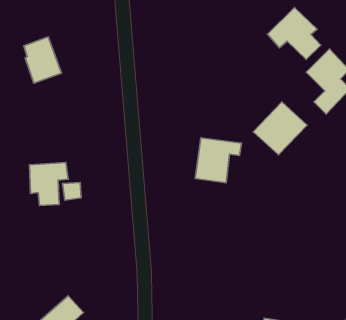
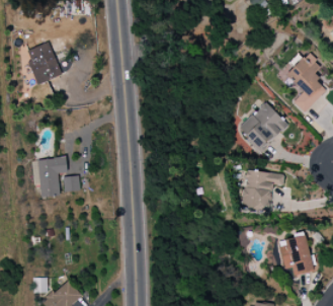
building: [267,7,321,60] -> none
building: [195,138,242,183] -> [242,169,284,211]
building: none -> [280,236,311,274]

